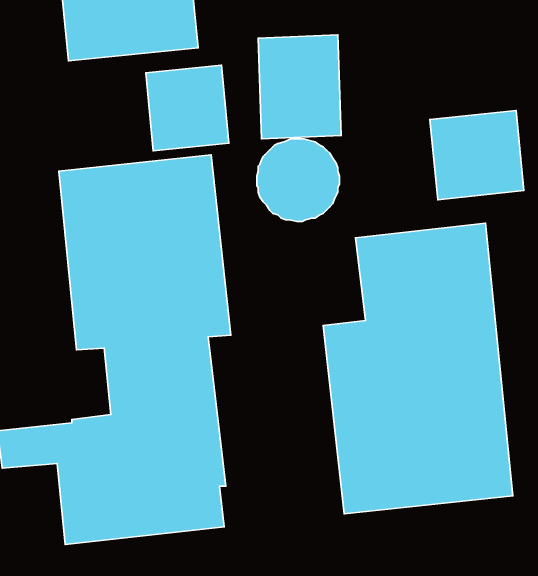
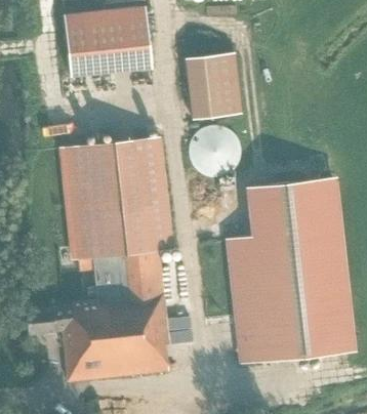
building: [146,65,229,151] -> none
building: [430,110,524,200] -> none

